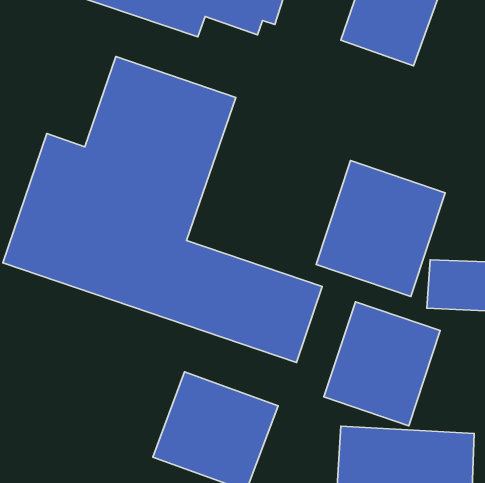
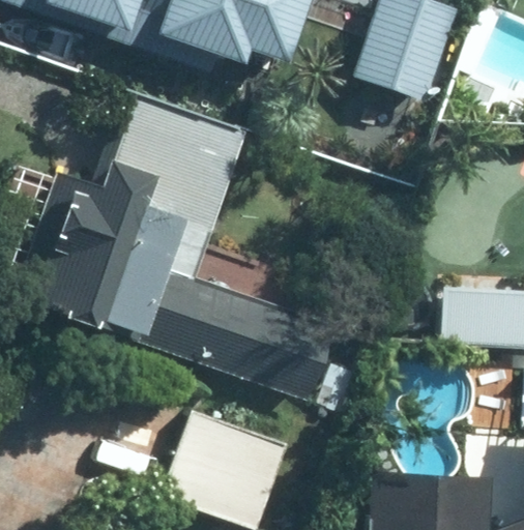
building: [316,161,445,297] -> none
building: [324,302,440,426] -> none

